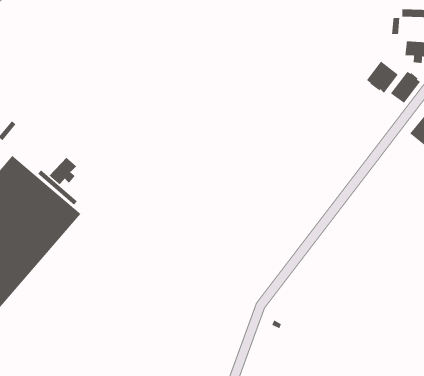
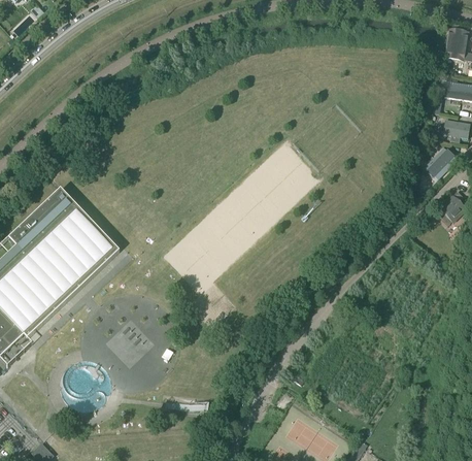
building: [366,60,399,94] -> none
building: [49,157,77,185] -> none

